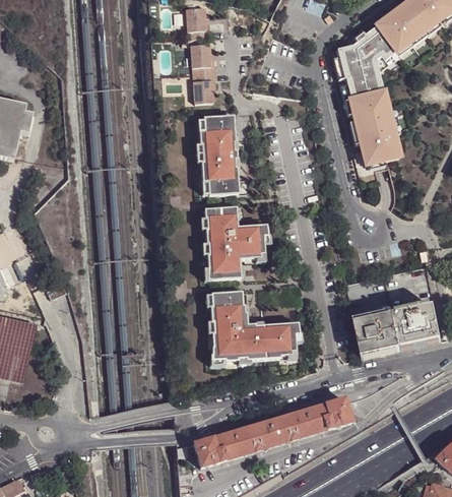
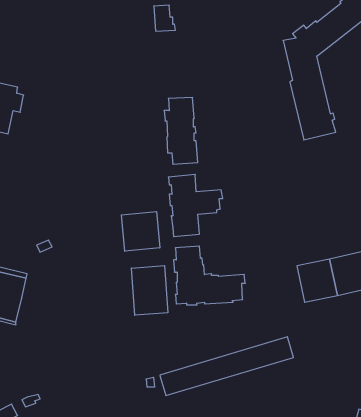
building: [191,43,216,103] -> none
building: none -> [122,212,160,251]
building: none -> [131,266,168,315]

